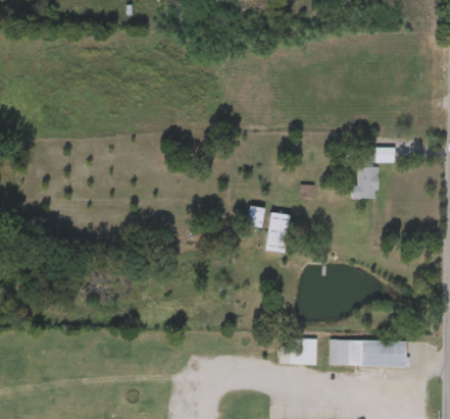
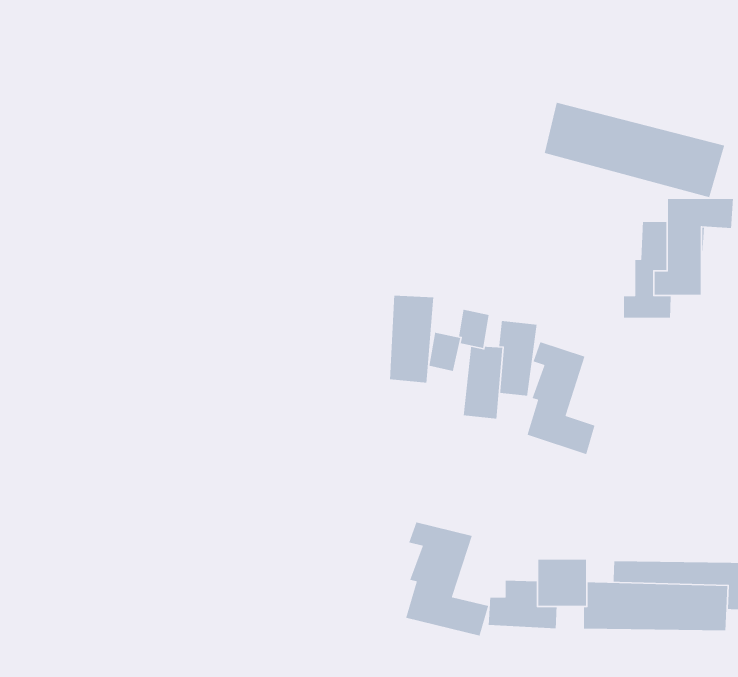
building: none -> [544,102,725,198]
building: none -> [389,295,434,384]
building: none -> [527,341,596,455]
building: none -> [405,522,489,637]

